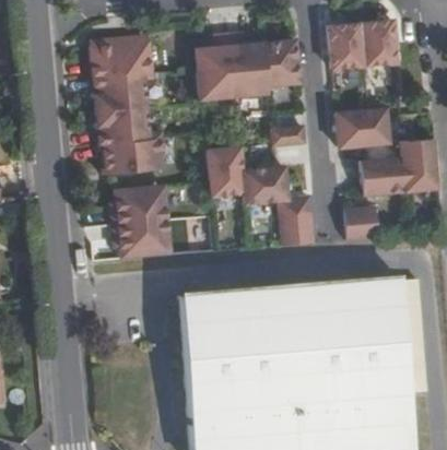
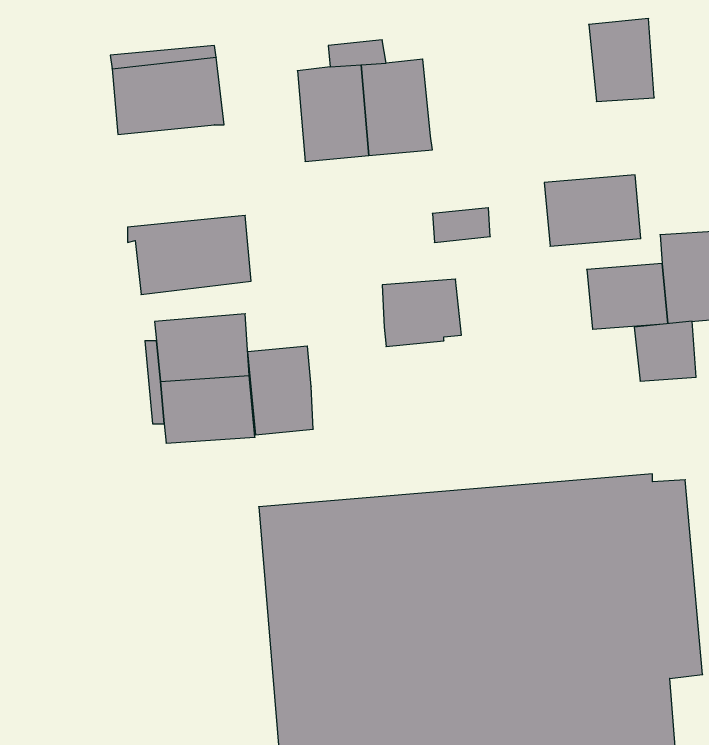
building: [328,23,365,70] -> none
building: [267,40,301,86] -> none
building: [94,80,154,138] -> none
building: [208,147,245,198] -> [248,346,313,435]
building: [279,197,315,247] -> none
building: [344,208,379,241] -> [634,321,696,381]

